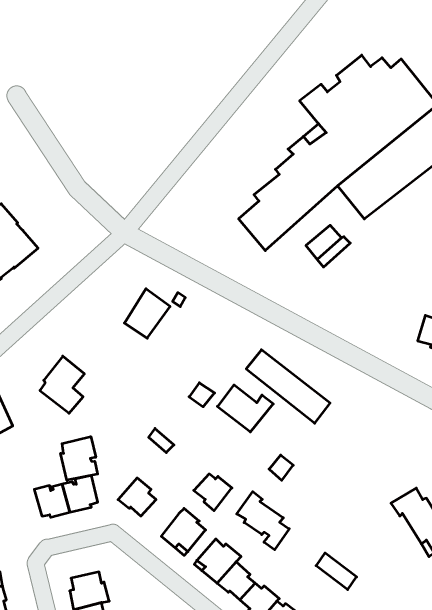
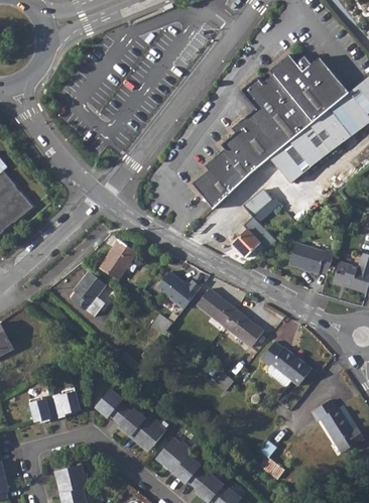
building: none -> [232,225,266,257]
building: none -> [288,243,334,273]
building: [40,356,84,413] -> [71,270,106,316]
building: [217,385,273,432] -> [156,270,201,307]
building: none -> [261,340,312,385]
building: [61,437,98,480] -> none
building: [194,474,232,511] -> [113,406,143,435]
building: [237,492,289,550] -> none

